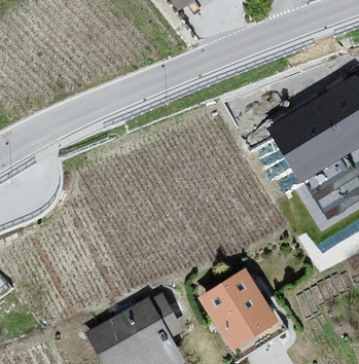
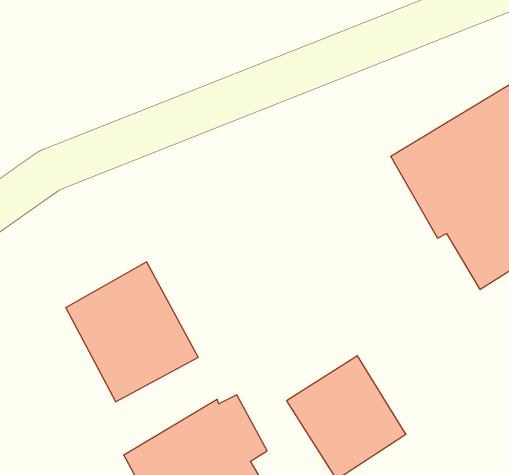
building: none -> [66,262,198,402]

